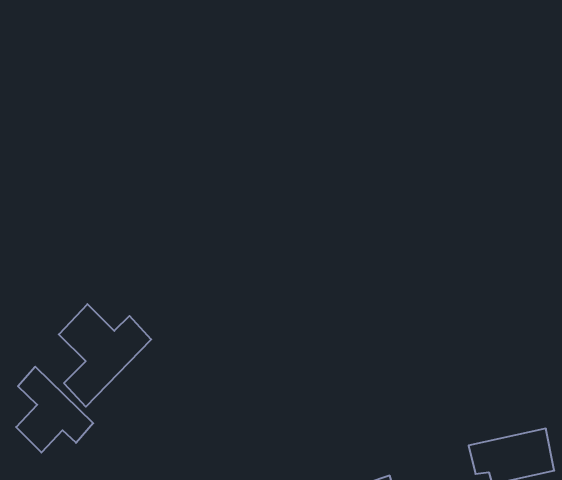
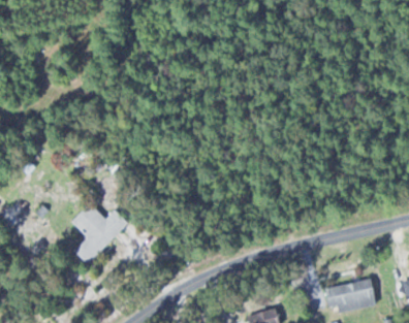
building: [16,367,93,453] -> none

